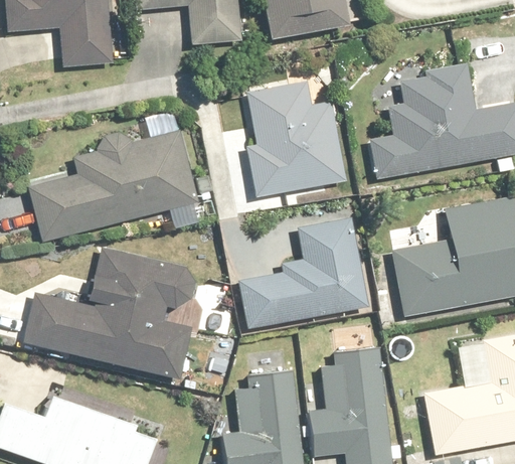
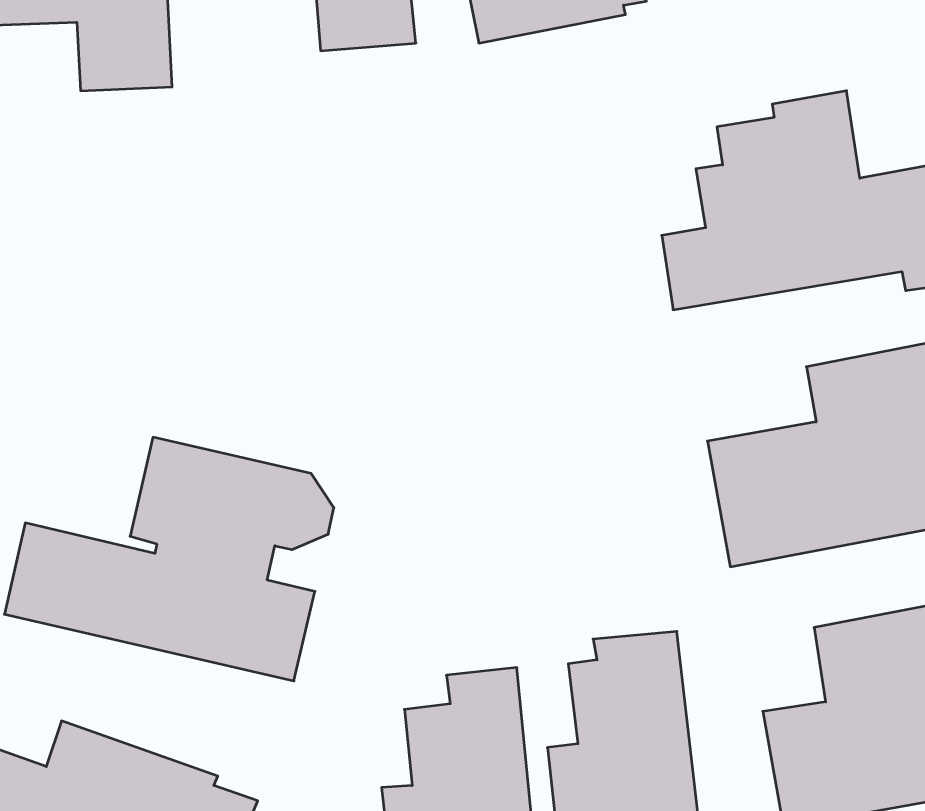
building: [247,82,346,197] -> none
building: [29,110,198,243] -> none
building: [239,220,367,328] -> none

